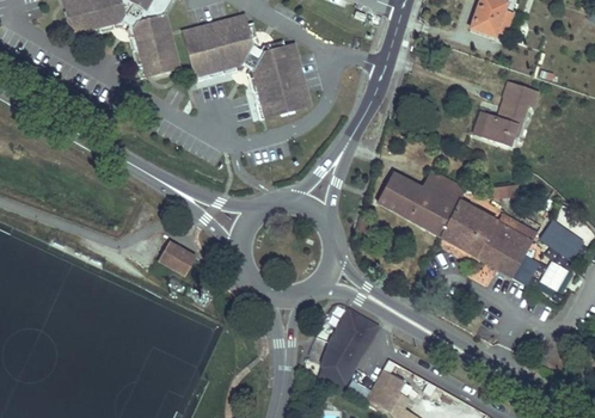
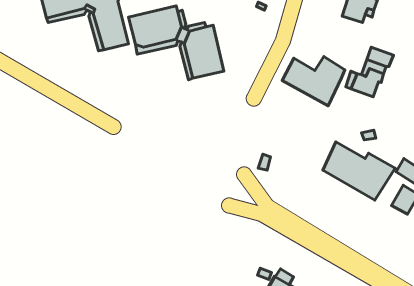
building: [380,171,465,238] -> [282,56,345,106]
building: [157,239,197,276] -> none
building: [318,308,379,388] -> none

